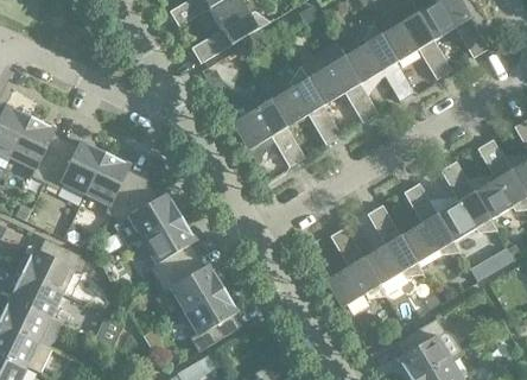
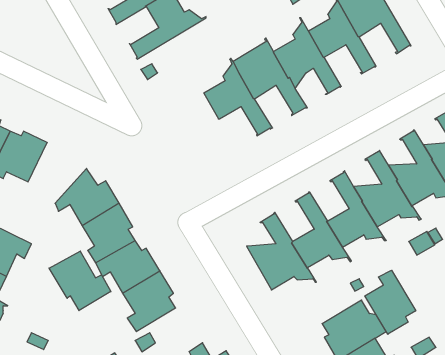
building: [216,86,305,166] -> none
building: [84,152,146,216] -> none
building: none -> [49,251,111,311]
building: none -> [365,270,416,334]

